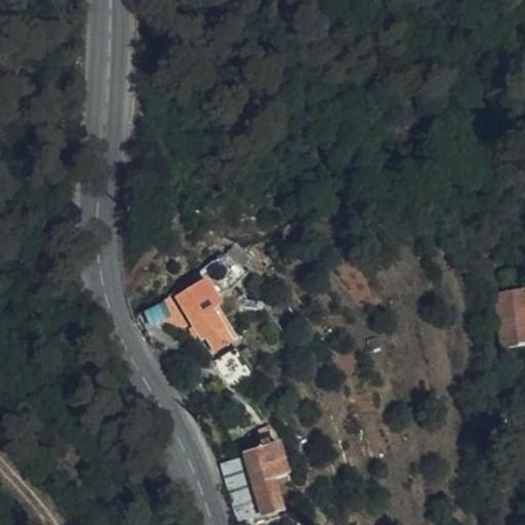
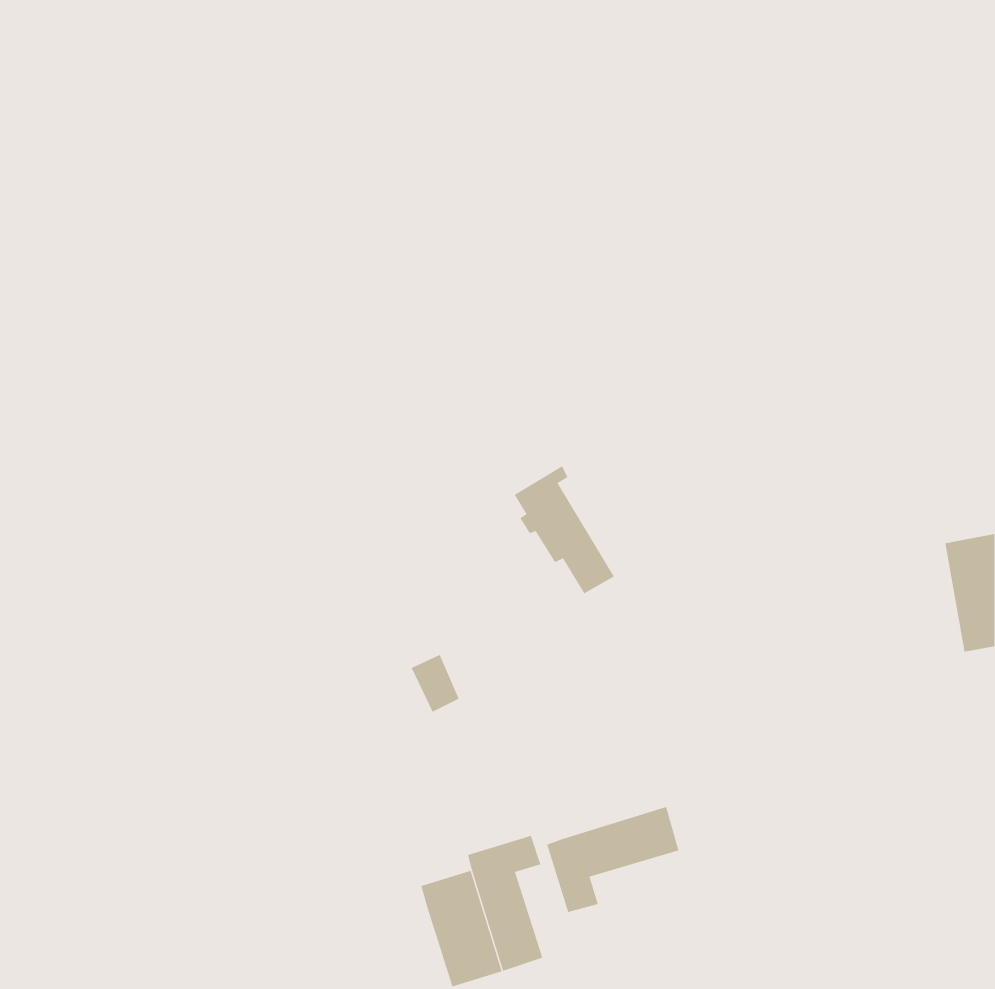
building: [177,278,231,346] -> [514,466,615,594]
building: none -> [547,806,679,913]

